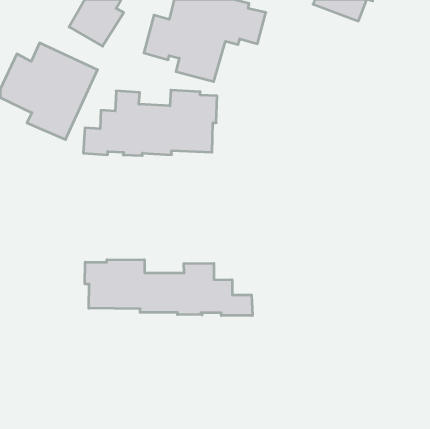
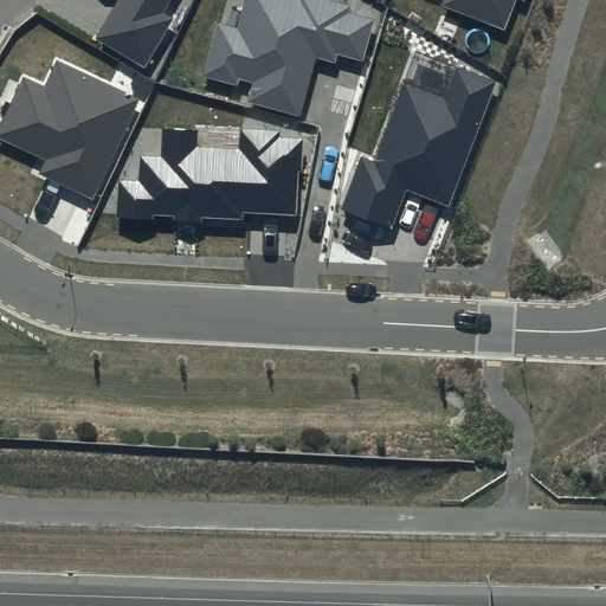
building: none -> [341,67,494,226]
building: [85,260,252,316] -> none

